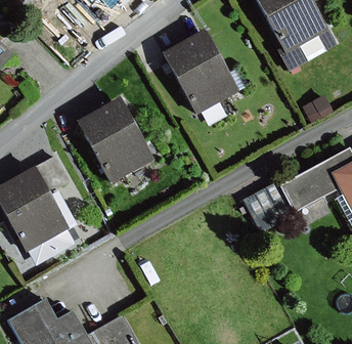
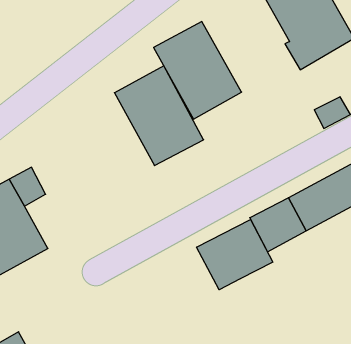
building: [77,98,155,185] -> [114,66,204,166]
building: none -> [197,220,273,290]

